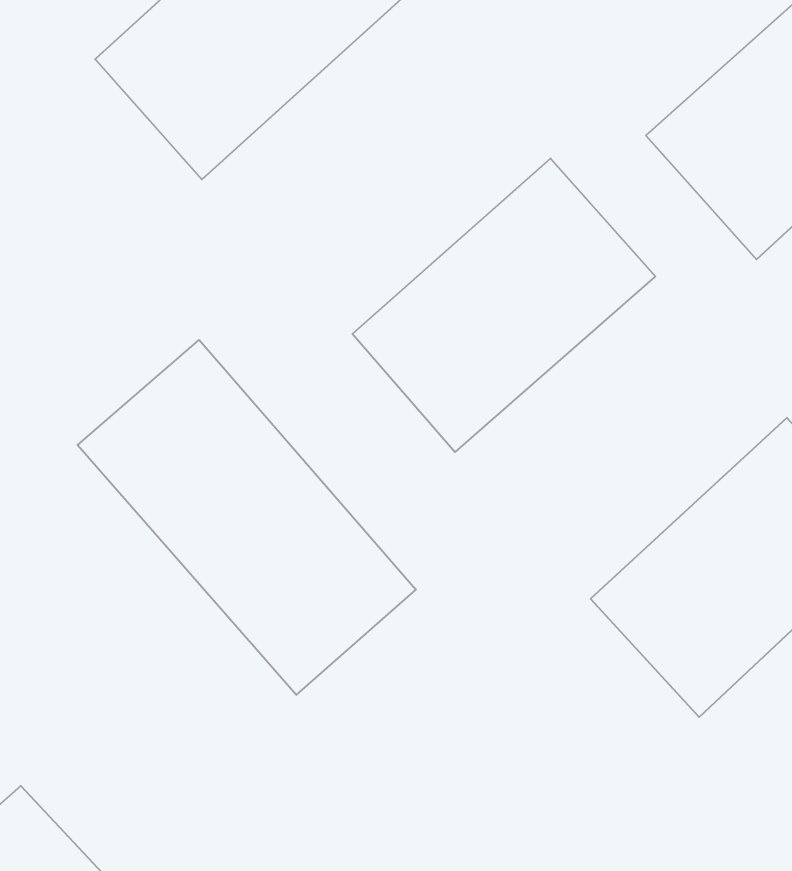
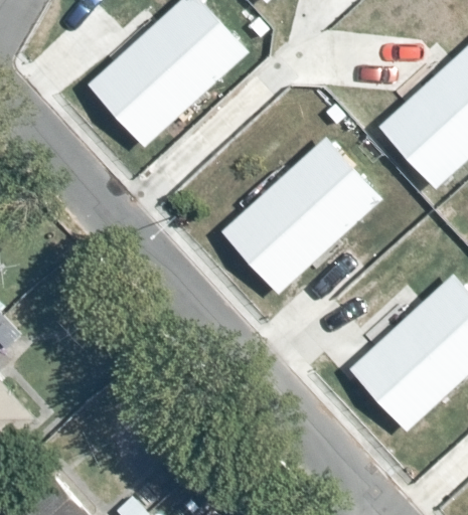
building: [77,340,416,695] -> none

